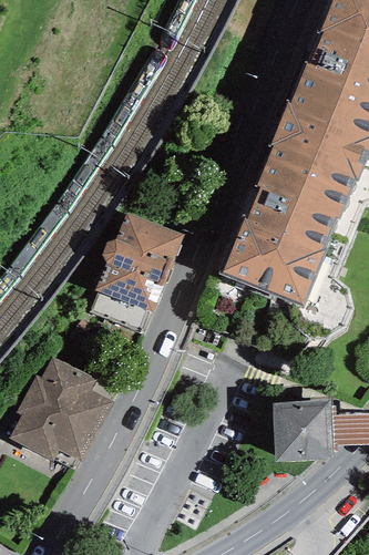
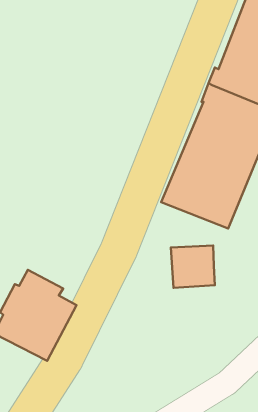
building: [89,213,184,331] -> none
building: [275,404,330,458] -> [171,246,215,288]

